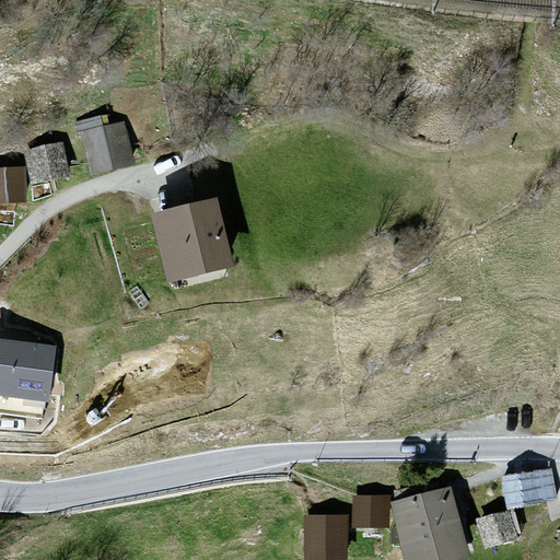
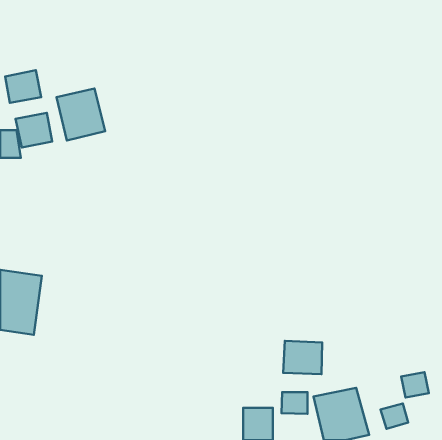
building: none -> [5,70,41,103]
building: [150,202,231,284] -> none
building: none -> [283,341,322,374]

